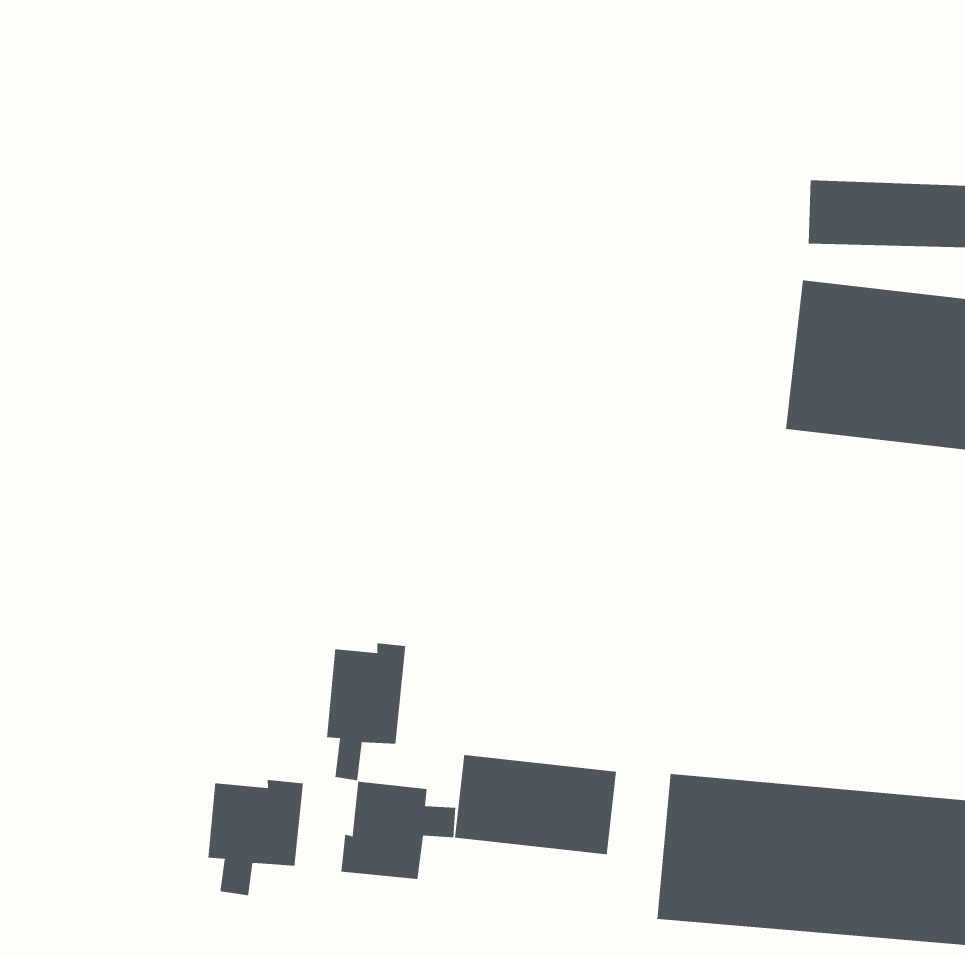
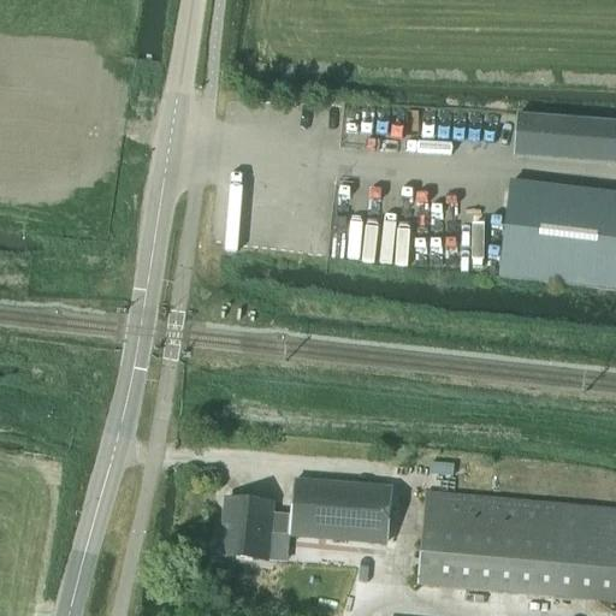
building: [326,643,406,781] -> none
building: [208,779,303,896] -> none

